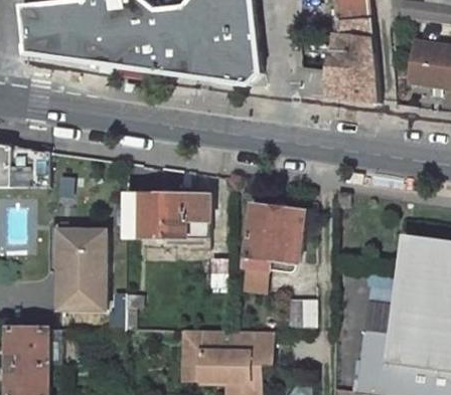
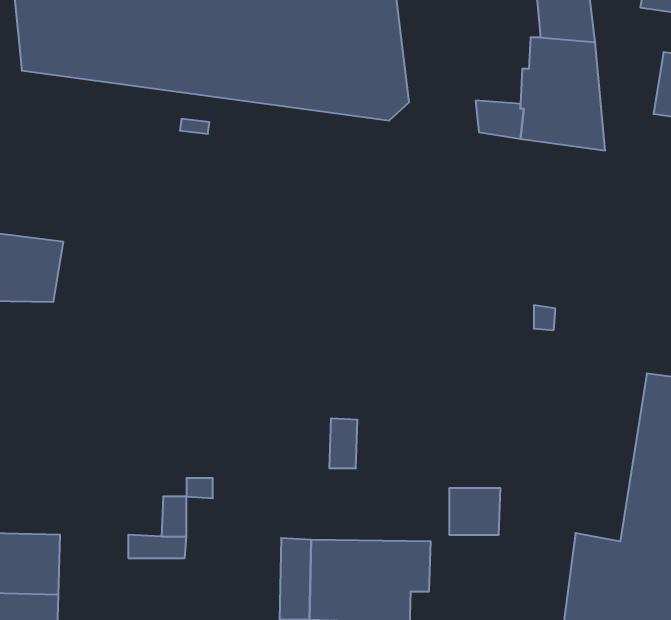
building: [126,192,211,253] -> none
building: [249,205,307,272] -> none
building: [59,229,106,309] -> none

